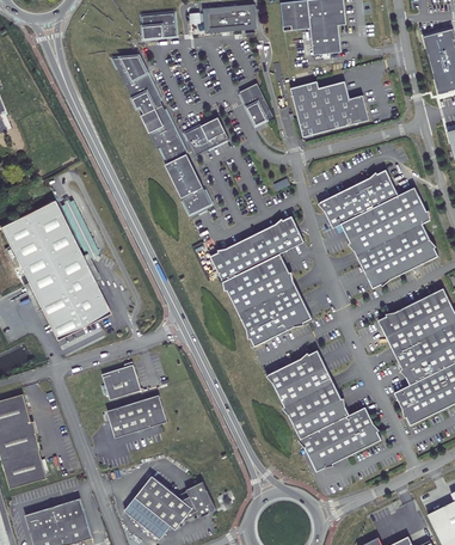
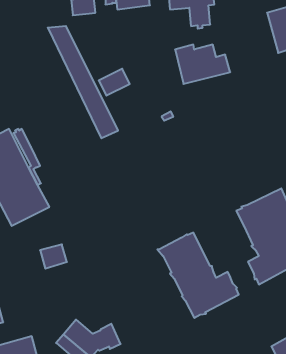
building: [238,81,272,124] -> none
building: [318,170,437,288] -> none
building: [210,216,312,347] -> none
building: [105,396,165,437] -> none

